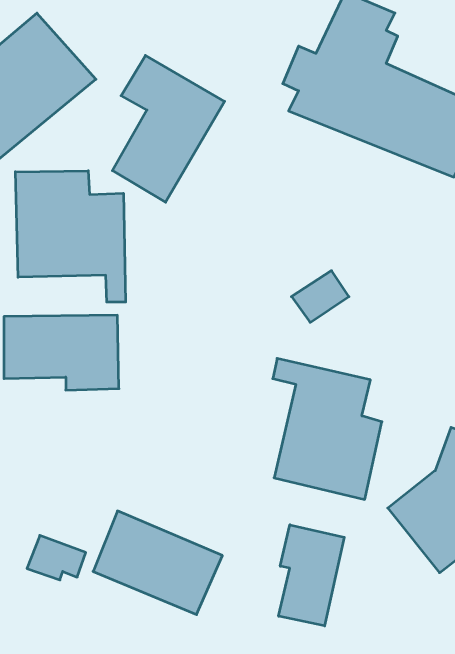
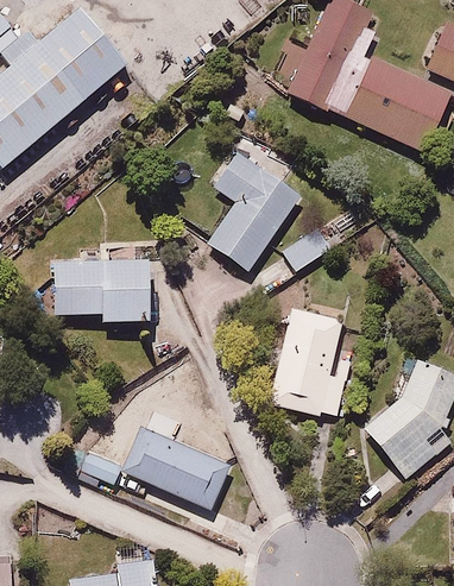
building: [112,55,225,202] -> [207,150,299,271]
building: [15,171,126,302] -> none
building: [279,525,344,626] -> none

